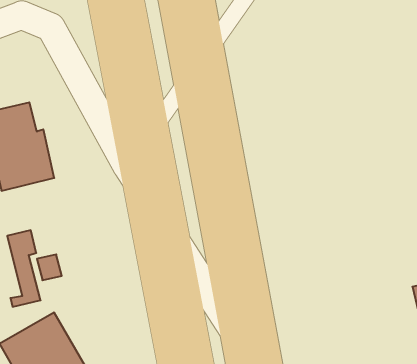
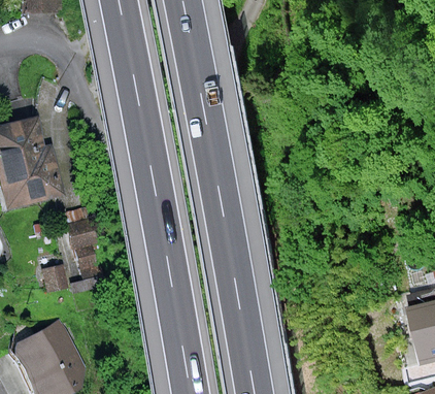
building: [7,230,41,307] -> [69,219,101,292]

